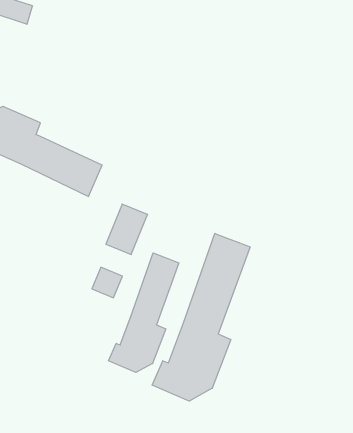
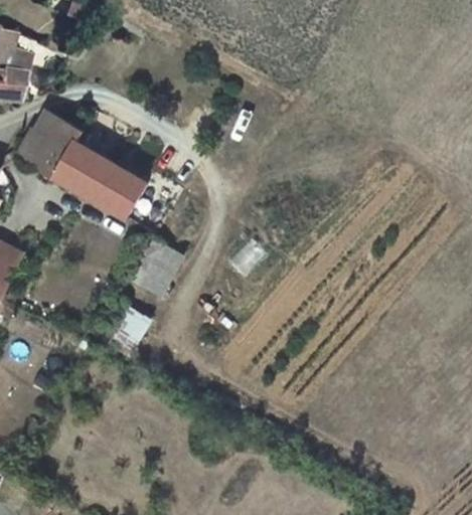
building: [152,233,250,401] -> none
building: [109,253,179,372] -> none

